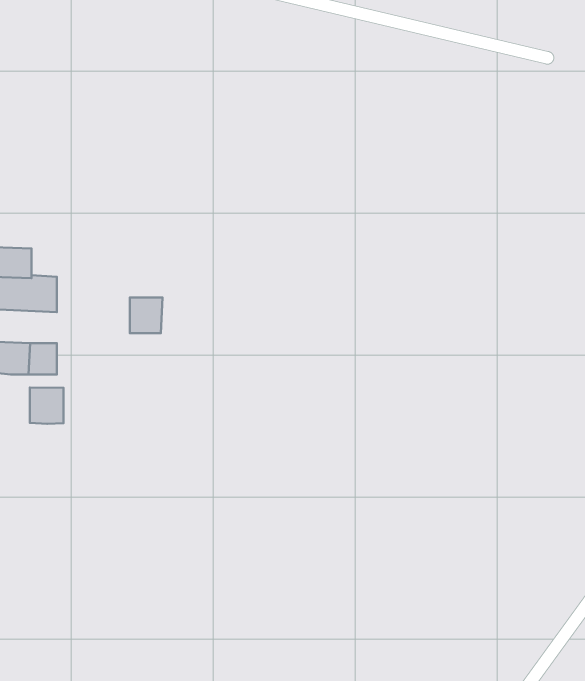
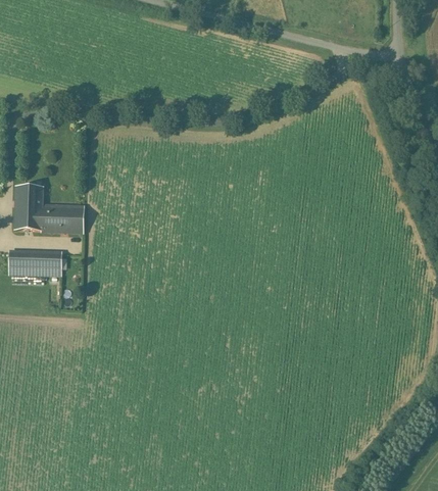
building: [130,298,162,333] -> [60,207,83,232]
building: [30,388,63,424] -> none

